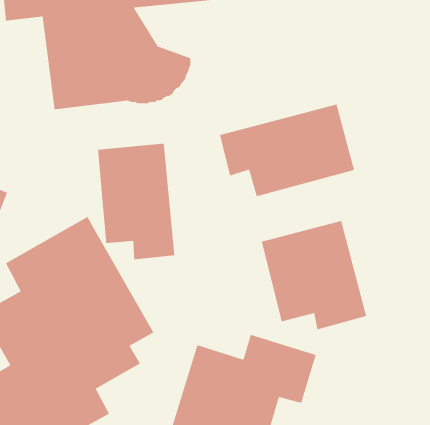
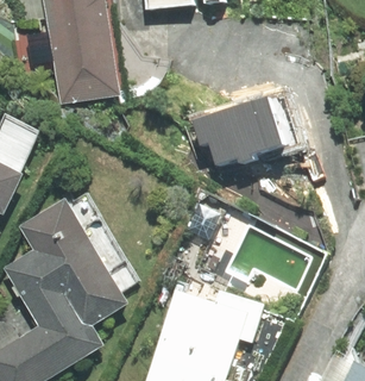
building: [98,143,175,260] -> none
building: [261,220,367,330] -> none

